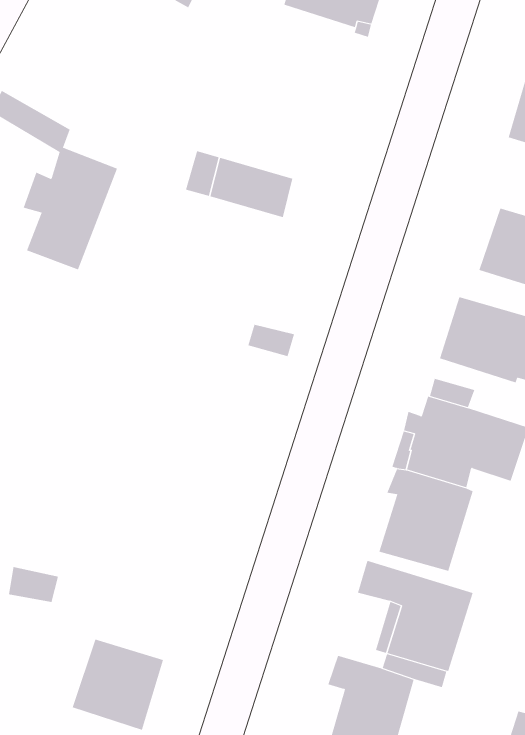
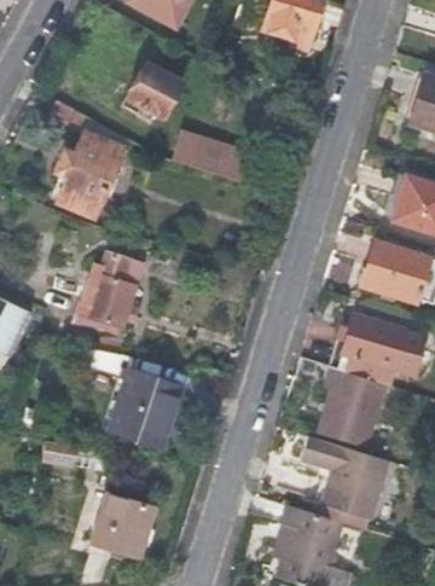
building: none -> [127,62,182,116]
building: none -> [74,251,144,333]
building: none -> [109,370,181,449]

